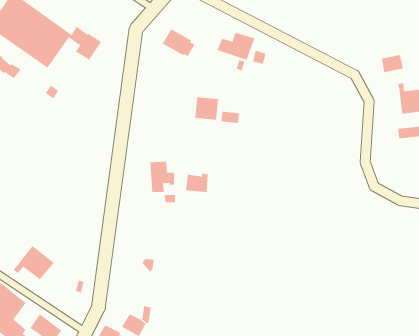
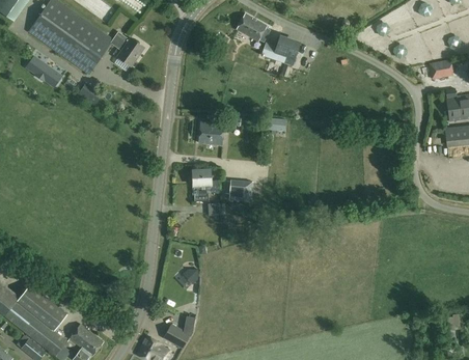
building: [162,28,195,57] -> [237,12,271,41]
building: [194,97,219,120] -> [199,120,224,144]
building: [13,245,54,280] -> none

